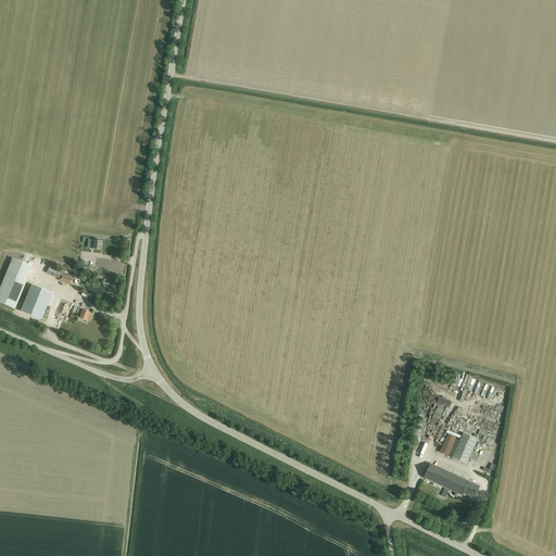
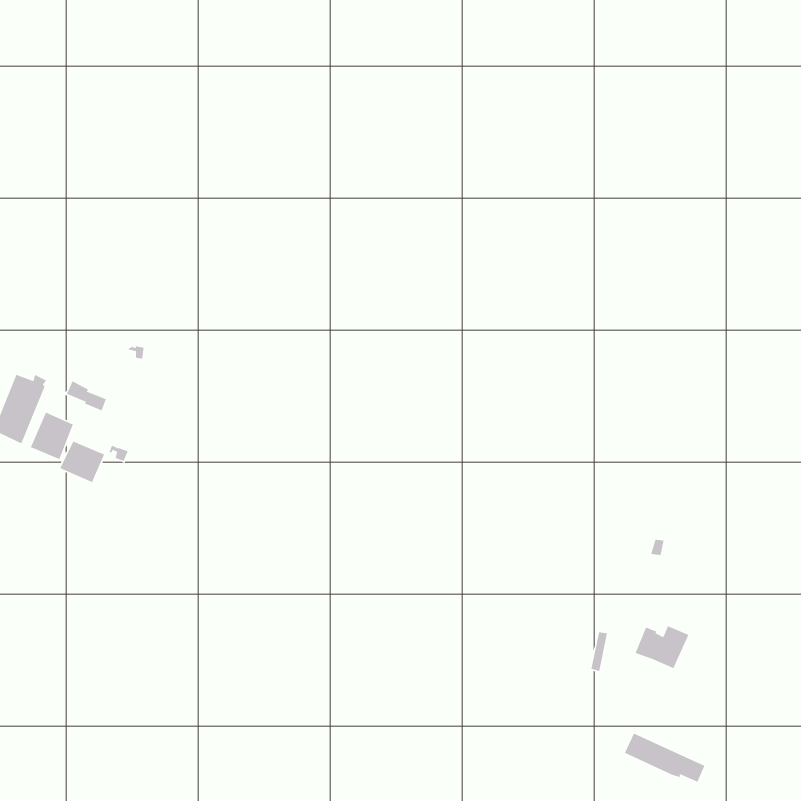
building: none -> [59,440,105,483]
building: [422,463,479,497] -> [624,733,706,783]

